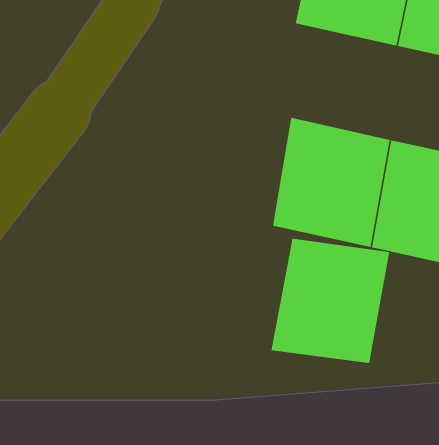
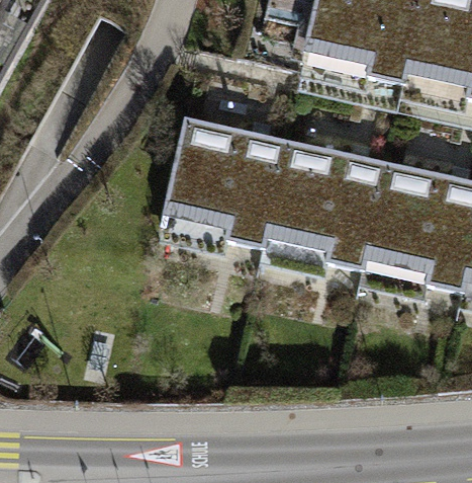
building: none -> [183,132,300,254]
building: [271,238,390,364] -> none

